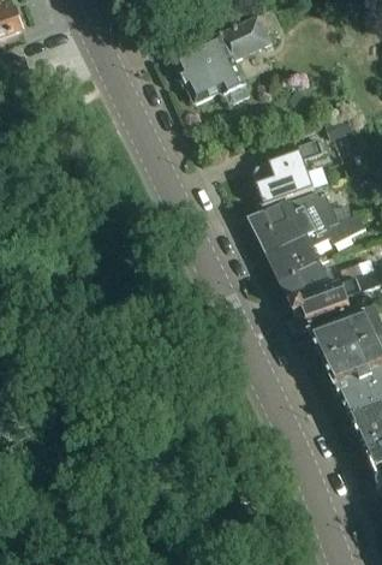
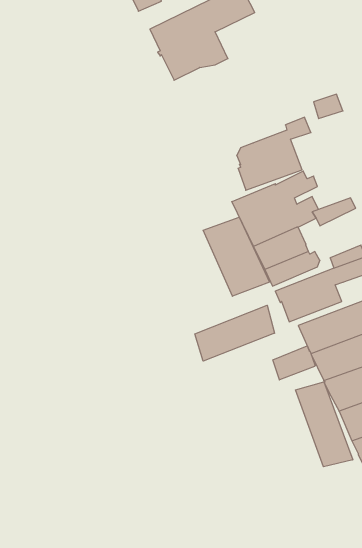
building: none -> [203,217,270,296]
building: none -> [195,305,275,361]
building: none -> [273,346,315,380]
building: none -> [295,382,353,467]

